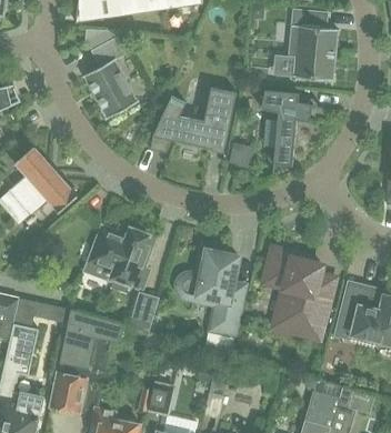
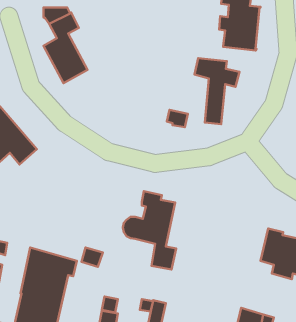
building: [149,88,235,152] -> none
building: [93,226,154,288] -> none
building: [263,248,329,338] -> none

